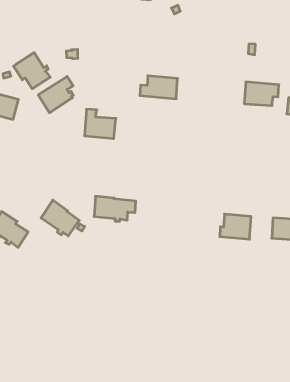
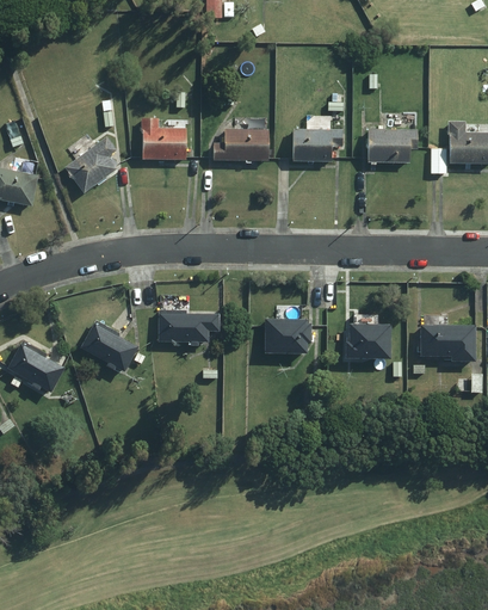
building: [14,53,50,89] -> none
building: none -> [294,129,342,161]
building: [85,109,116,139] -> [143,118,187,159]
building: none -> [265,319,310,353]

